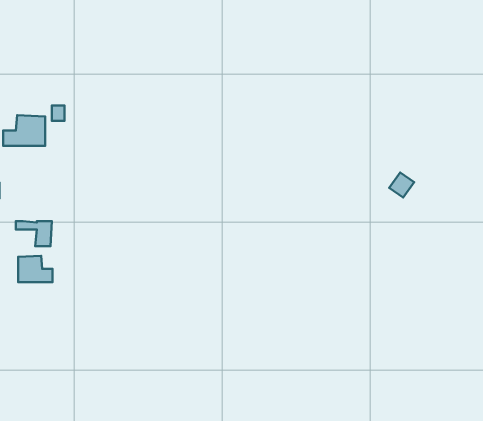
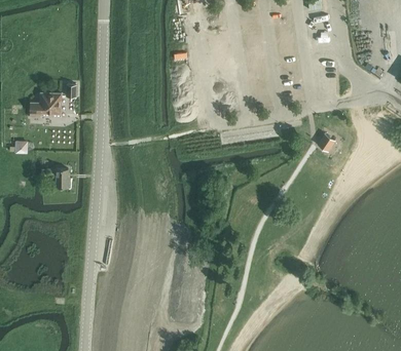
building: [18,256,53,282] -> none

